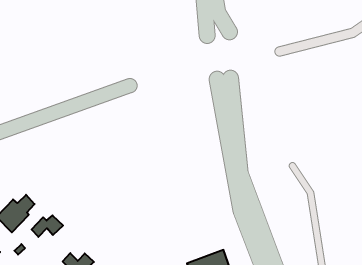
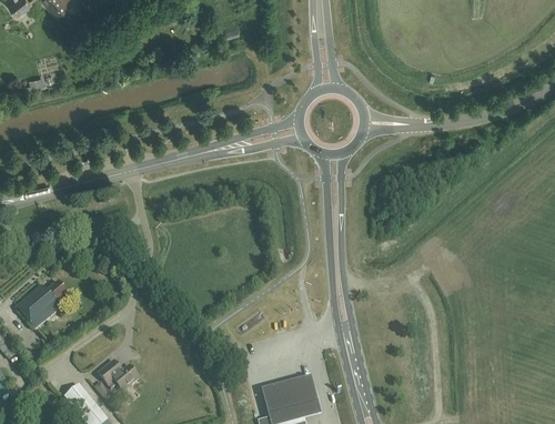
building: [32,215,63,237] -> none

